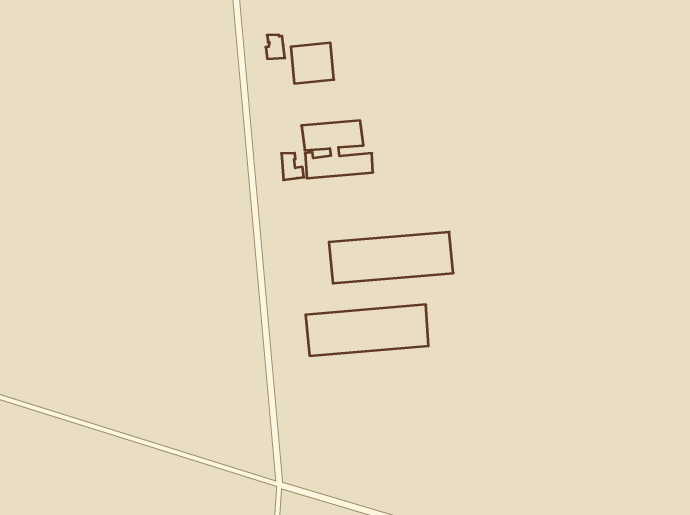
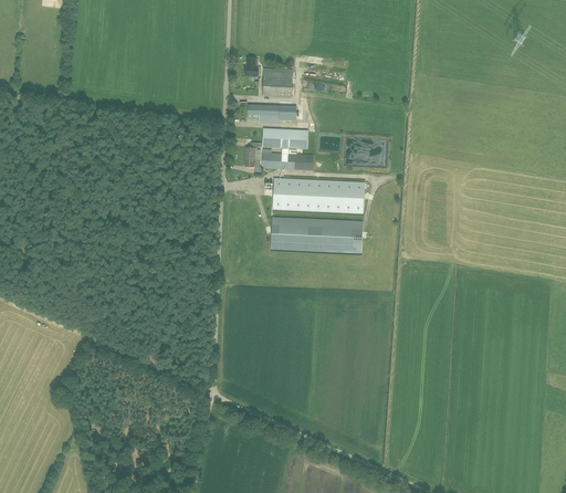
building: none -> [247,104,280,122]
building: [306,305,428,356] -> [273,177,365,212]

